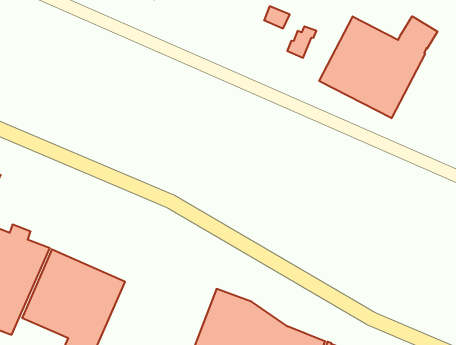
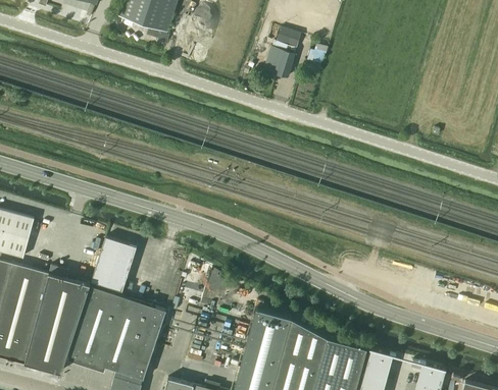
building: [319,16,437,118] -> none
building: none -> [262,49,295,80]
building: none -> [90,239,136,293]

